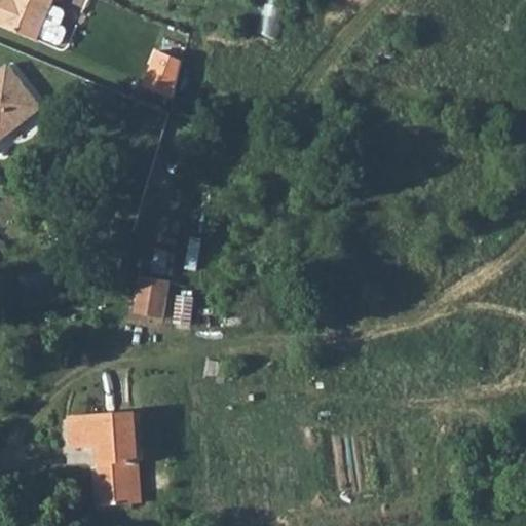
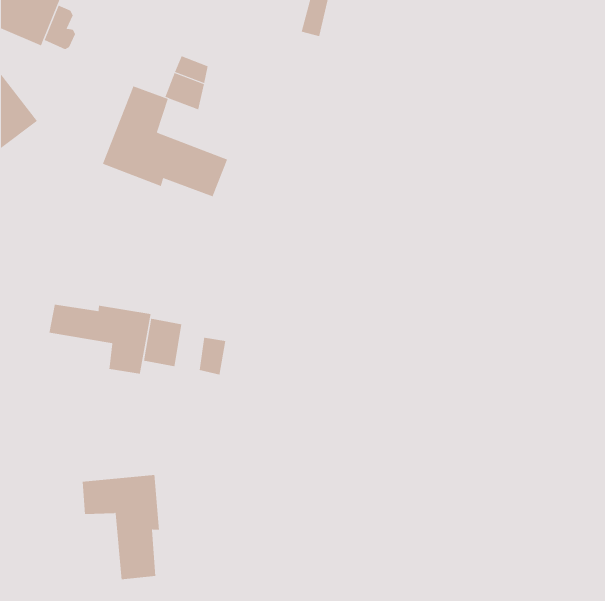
building: none -> [102,86,228,197]
building: none -> [49,304,151,374]

